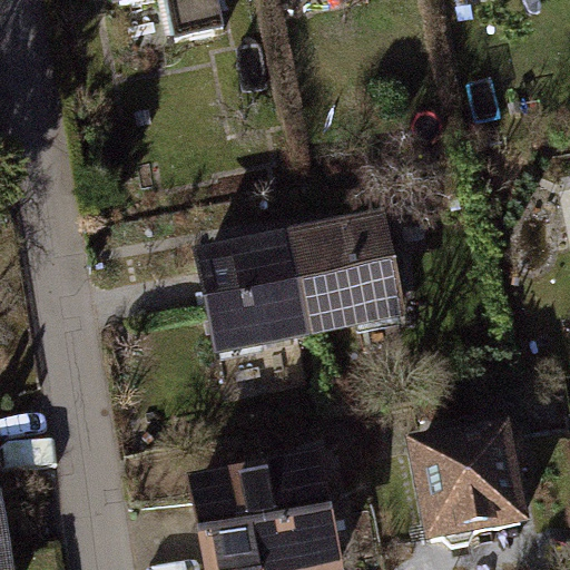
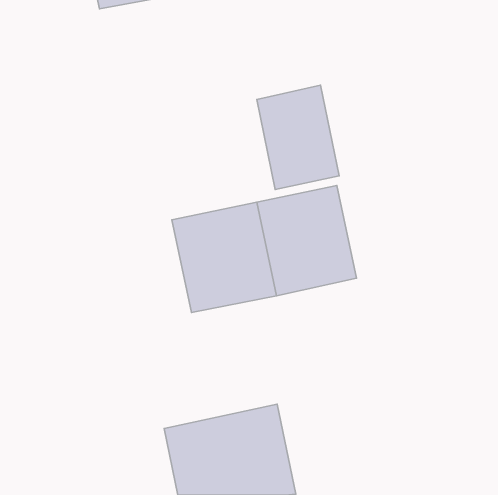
building: none -> [257,85,339,189]
building: [407,425,532,532] -> none

